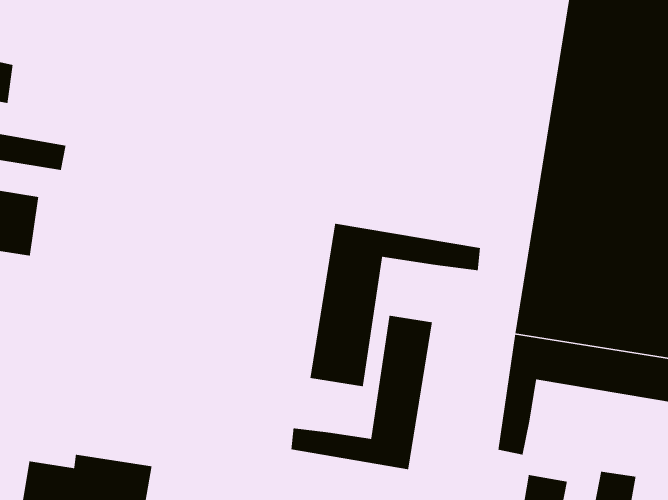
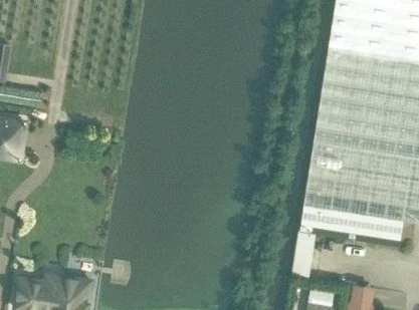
building: [310,223,481,387] -> none
building: [290,315,433,470] -> none

